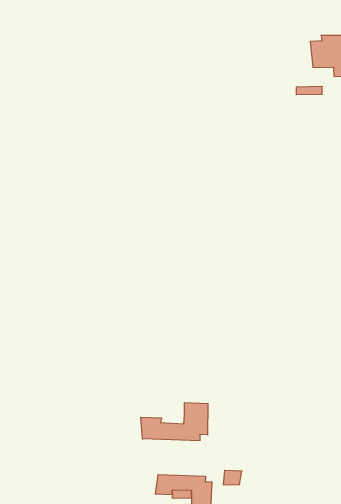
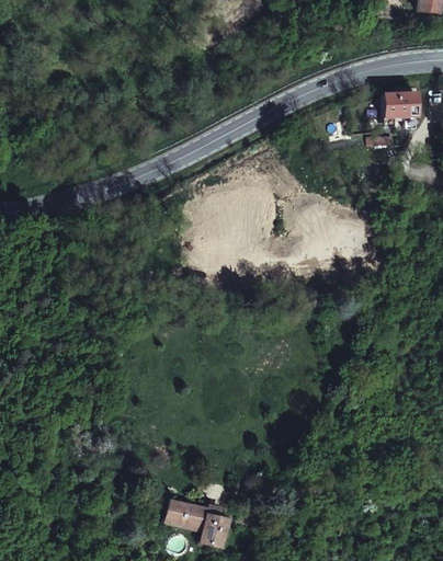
building: [141,403,208,441] -> none

